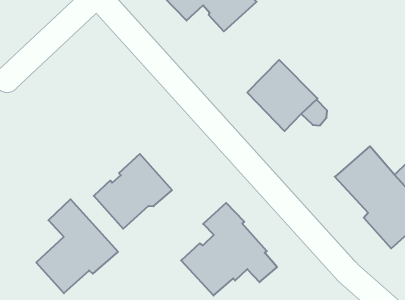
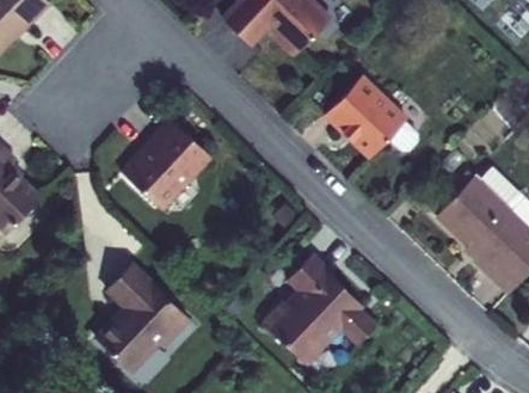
building: [94,154,172,229] -> [121,117,211,205]

